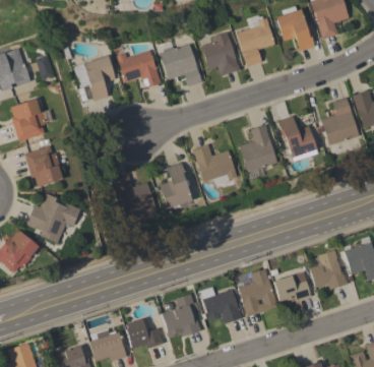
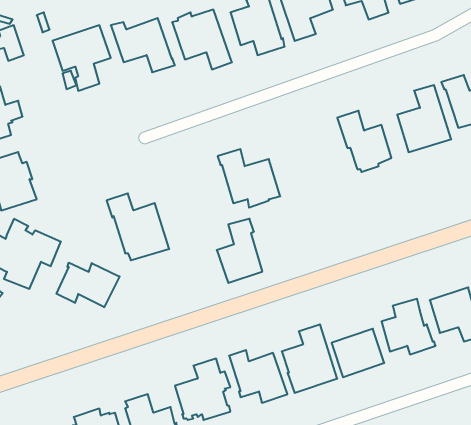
building: [239,124,277,172] -> none
building: [159,163,191,208] -> [217,219,262,283]
building: none -> [57,263,120,307]

